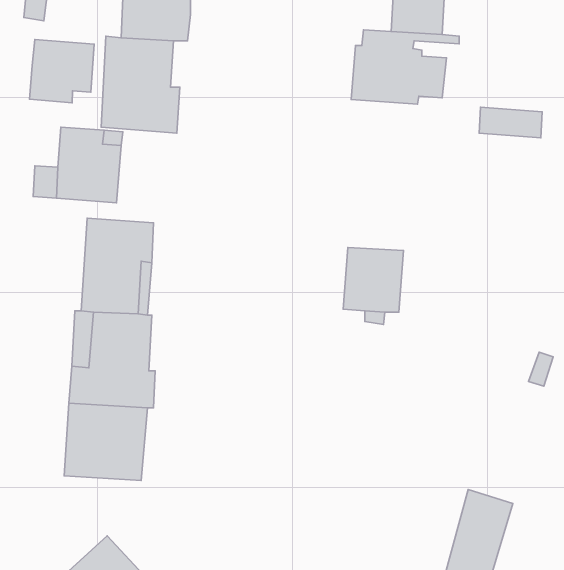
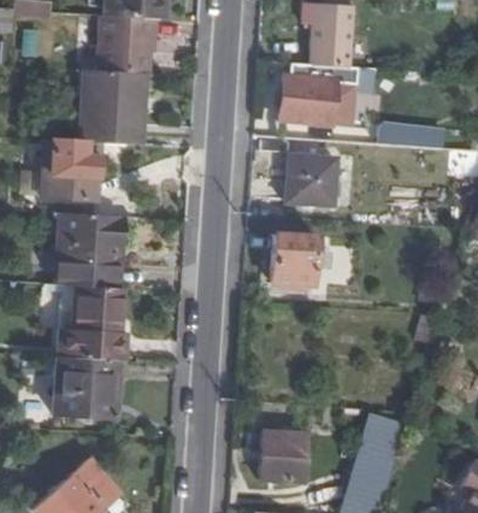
building: [30,40,94,103] -> none
building: none -> [284,157,335,207]
building: none -> [259,431,305,482]

